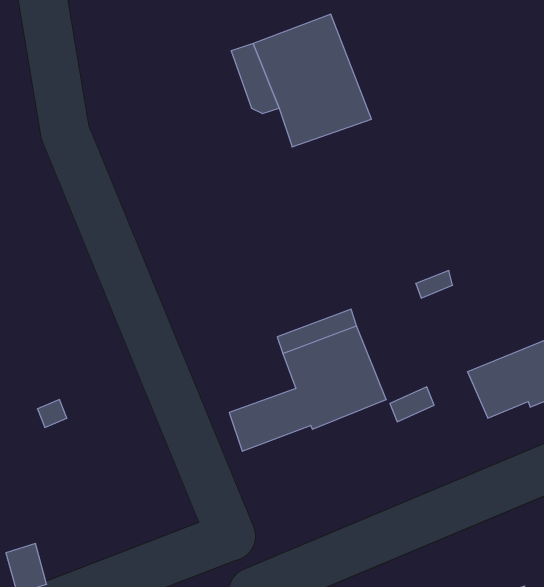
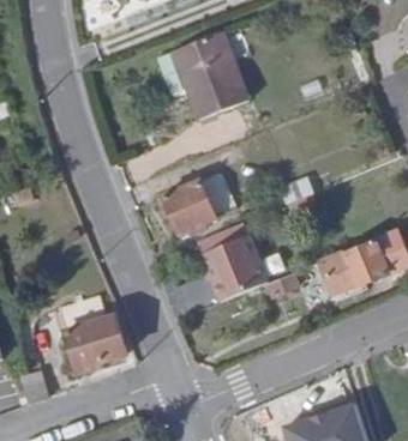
building: none -> [164,182,212,232]
building: none -> [56,300,125,373]

